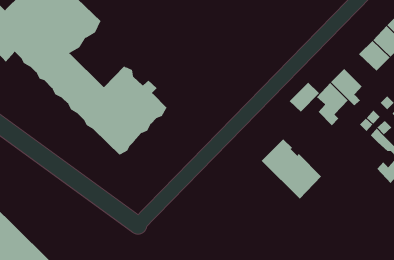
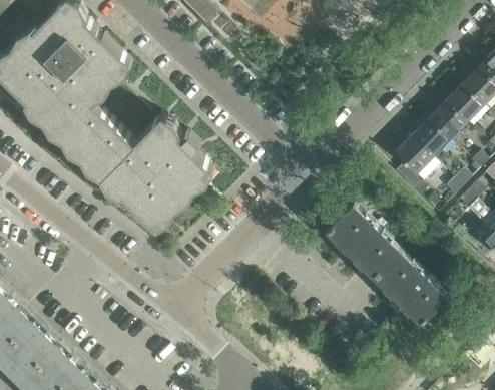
building: none -> [426,103,465,142]
building: [289,82,320,112] -> none
building: none -> [372,252,447,326]

